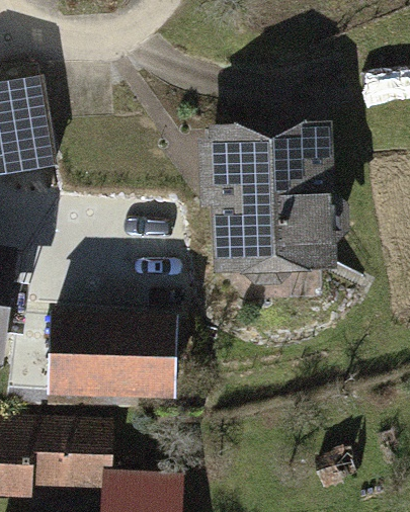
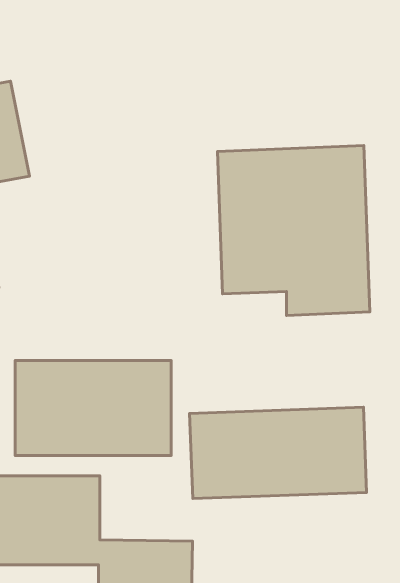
building: none -> [190,407,367,499]

